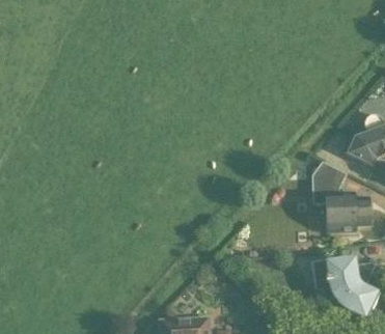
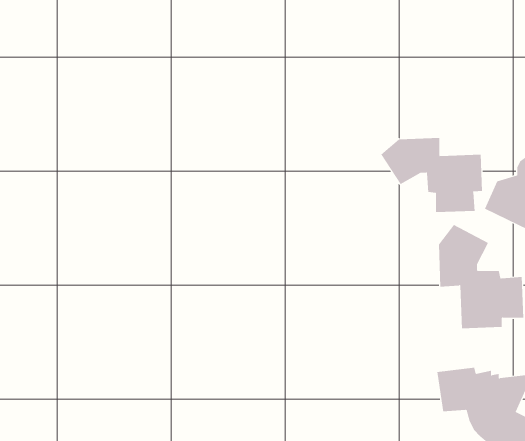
building: none -> [381,137,483,213]

